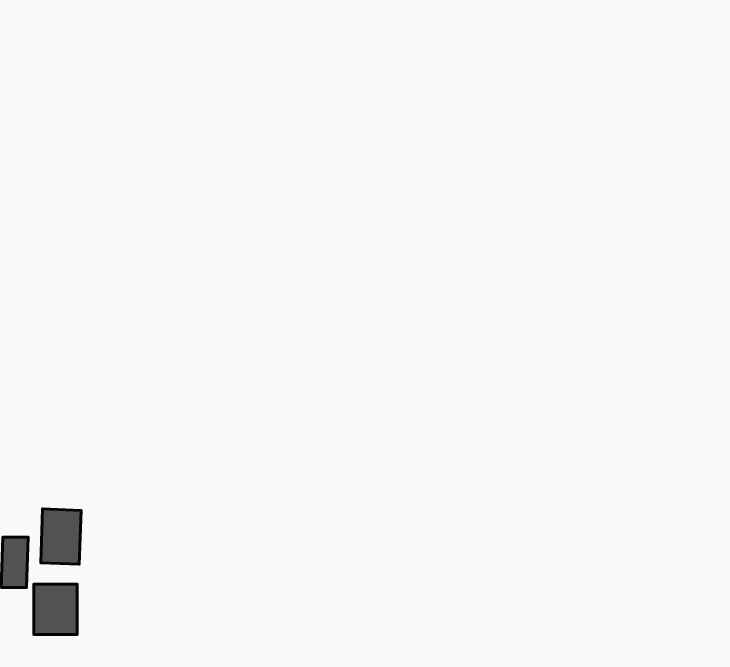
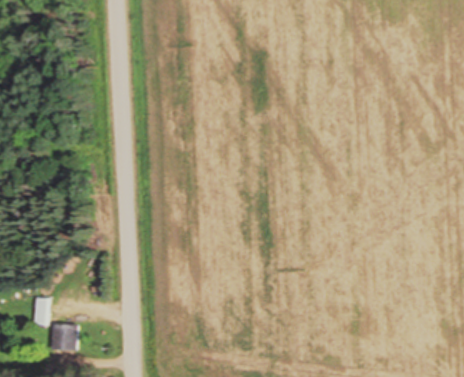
building: [41,509,81,564] -> none

